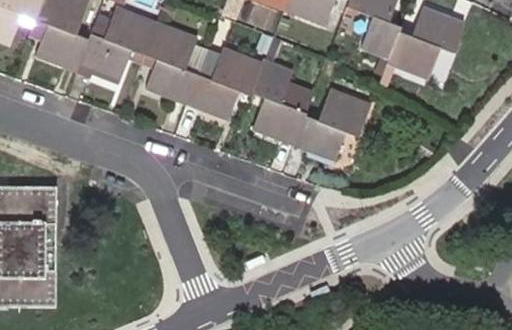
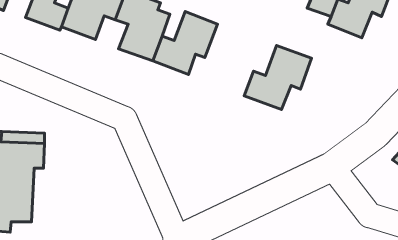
building: [246,57,306,144] -> none
building: [16,229,55,305] -> none

